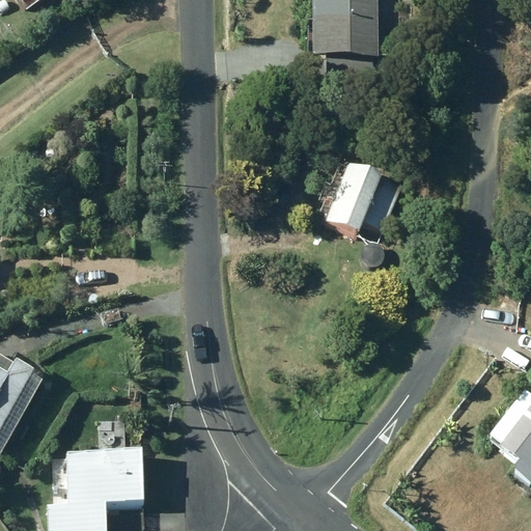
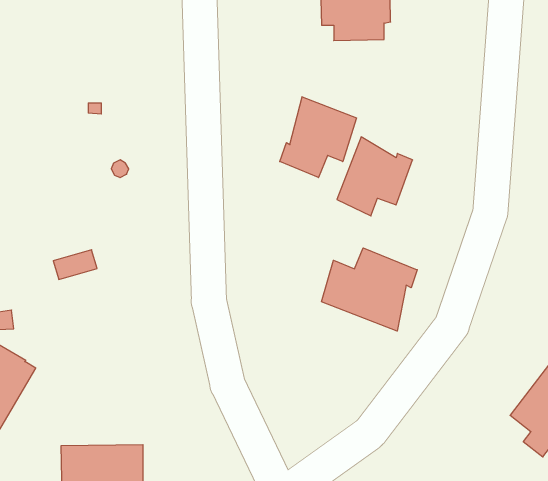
building: none -> [280,97,357,178]
building: none -> [321,248,417,331]

